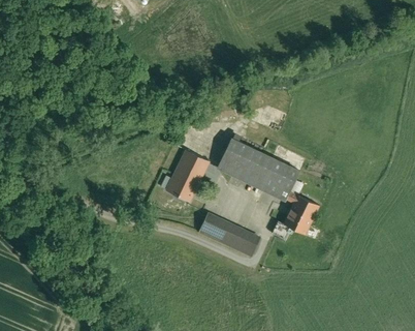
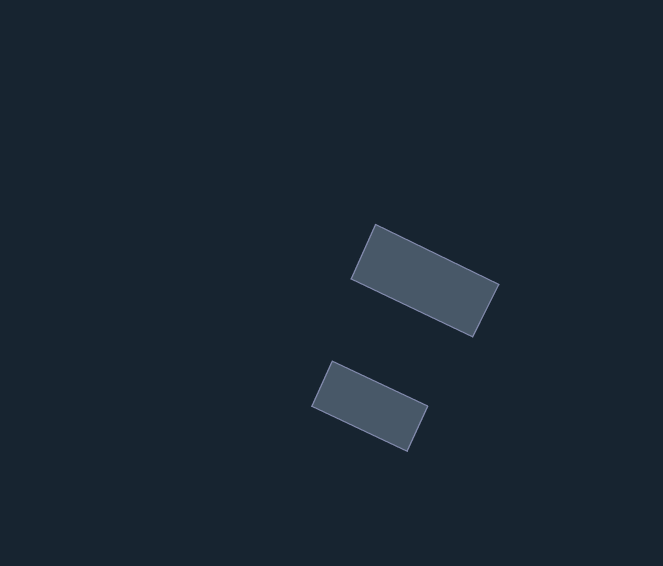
building: [165,150,206,200] -> none
building: [282,191,318,234] -> none

